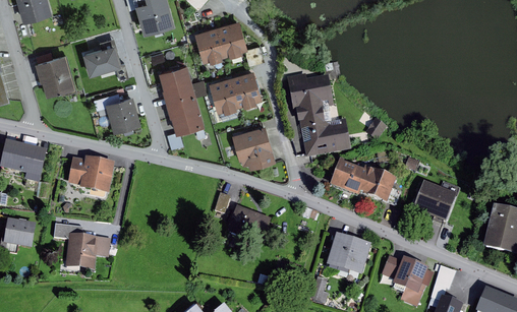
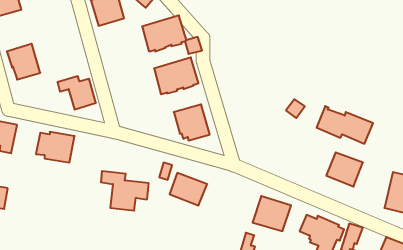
building: [81,38,129,81] -> none
building: [158,63,204,133] -> none
building: [287,74,350,159] -> none
building: [330,159,397,203] -> [317,106,373,144]
building: [54,225,111,271] -> [101,171,149,211]

